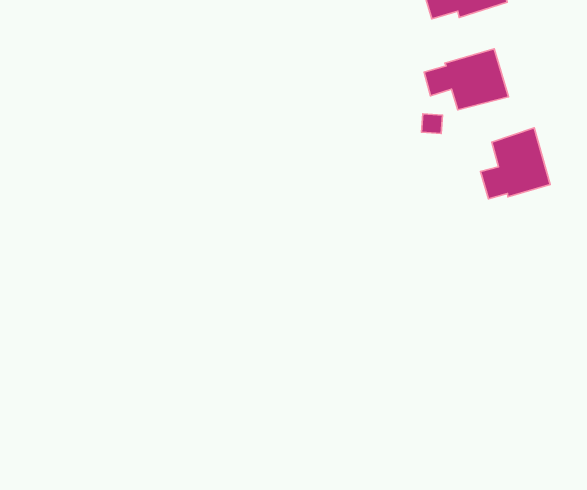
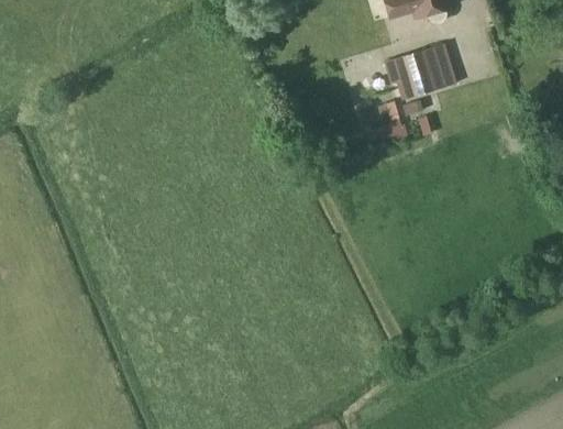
building: [480,128,550,199] -> none

